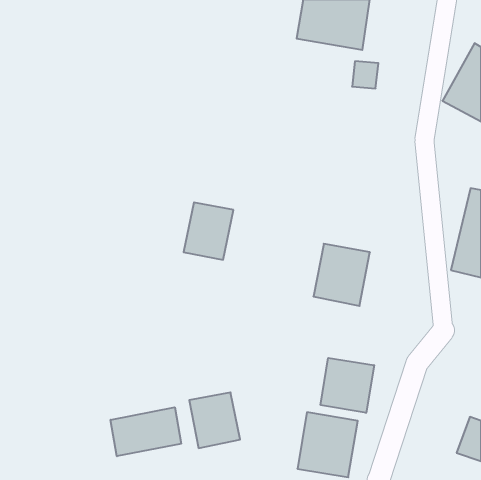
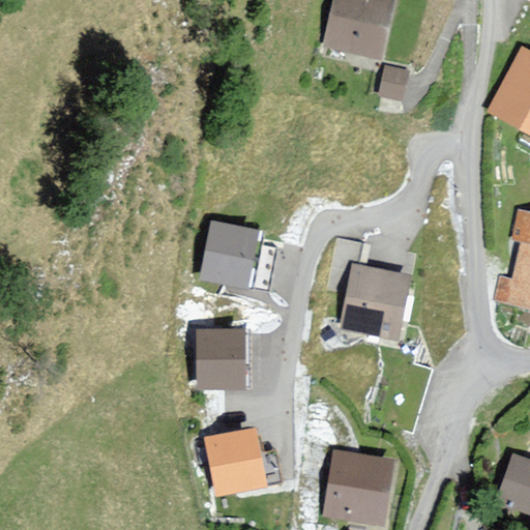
building: none -> [201,331,242,384]
building: [321,358,374,413] -> none
building: [111,407,181,456] -> none

